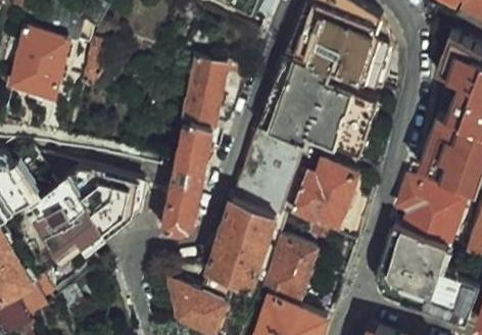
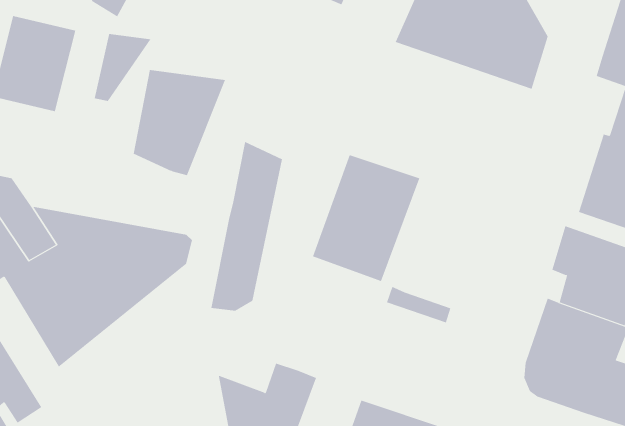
building: [257,54,390,167] -> none
building: [185,59,249,133] -> [133,70,226,176]
building: [292,161,368,242] -> none
building: [206,197,277,286] -> none
building: [261,239,318,304] -> none

